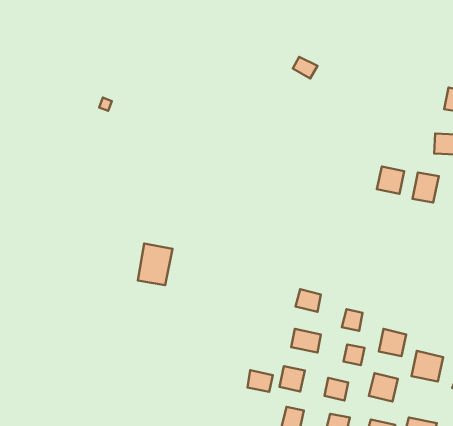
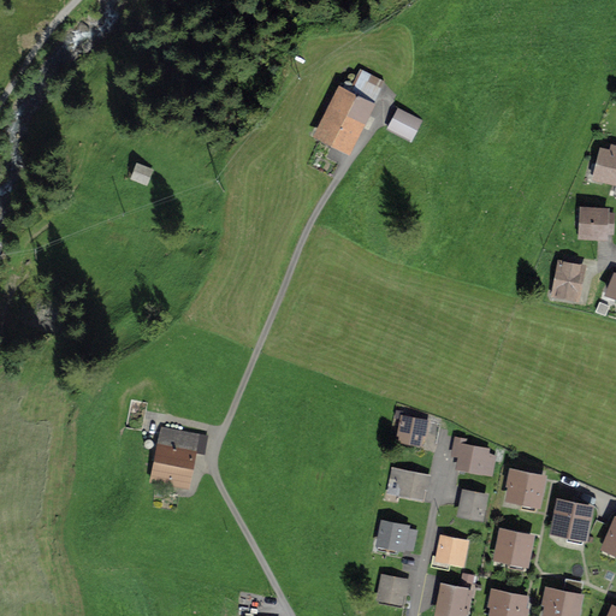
building: none -> [322,71,385,148]
building: [377,167,404,194] -> none
building: [138,243,172,285] -> [155,428,201,484]
building: [247,370,273,392] -> none

